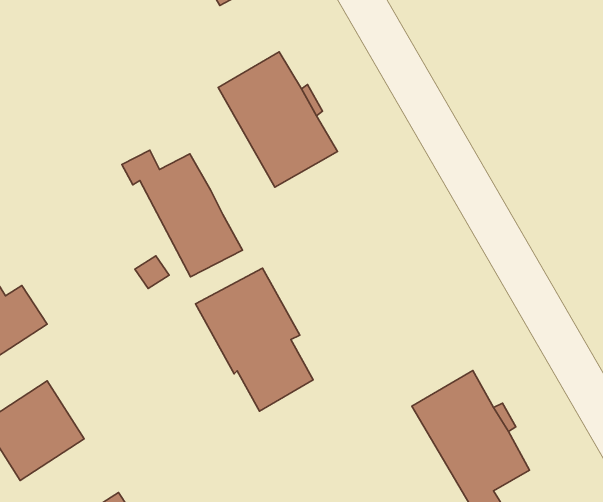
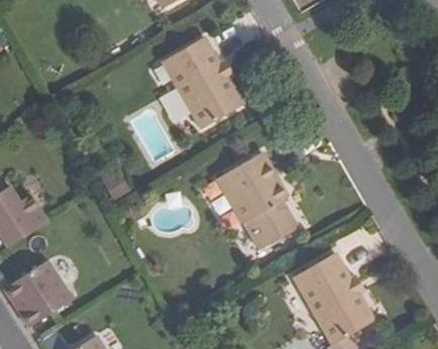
building: [122,150,242,277] -> none
building: [196,268,313,411] -> [217,153,297,250]

